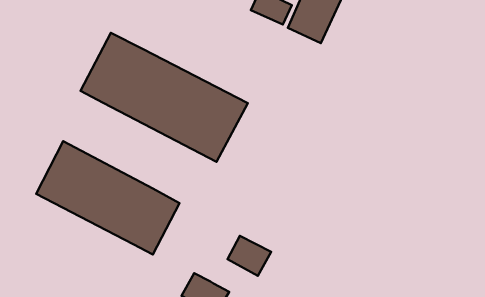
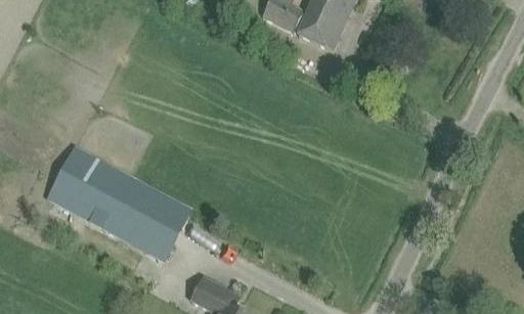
building: [80,33,248,162] -> none
building: [227,236,271,276] -> none

